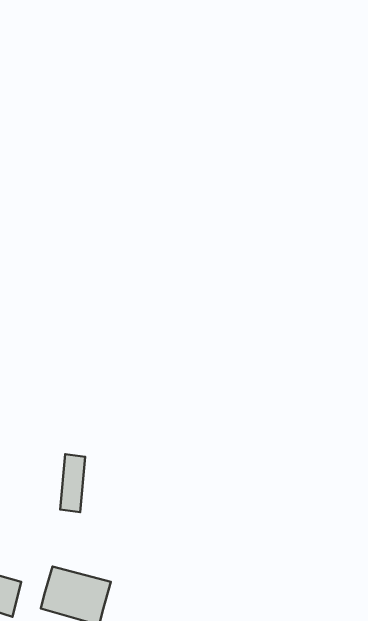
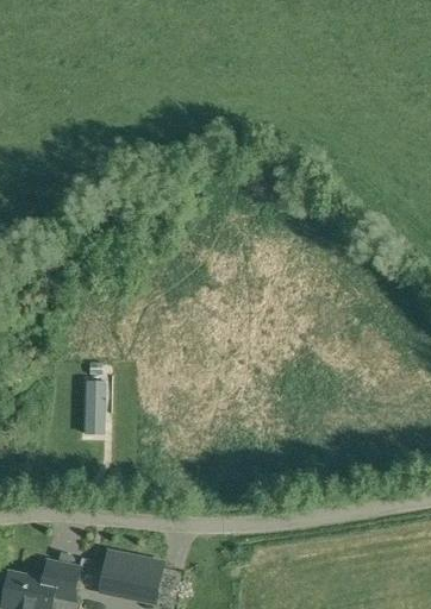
building: [60,454,85,512] -> [85,382,105,435]

